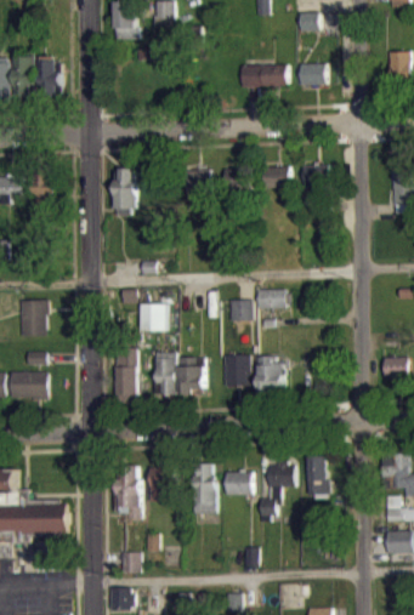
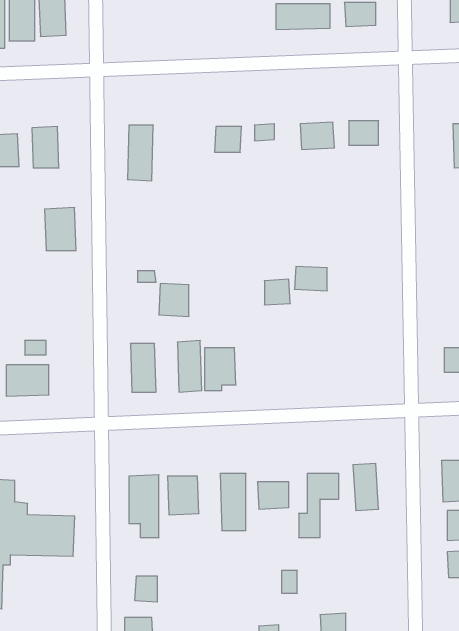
building: [21,300,47,336] -> [45,208,76,250]
building: [223,354,251,387] -> none
building: [257,357,284,394] -> none

